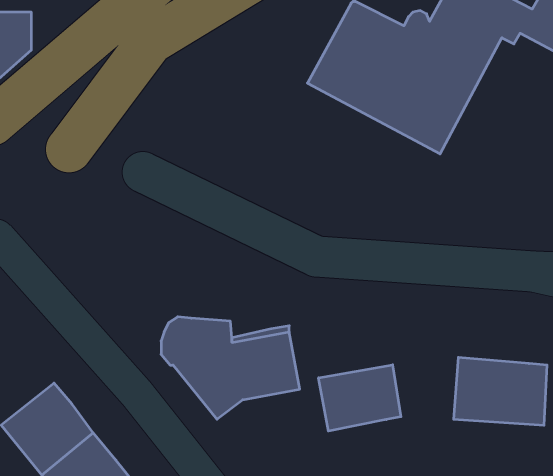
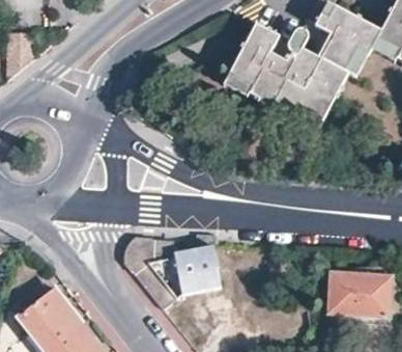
building: [319,365,401,431] -> none

